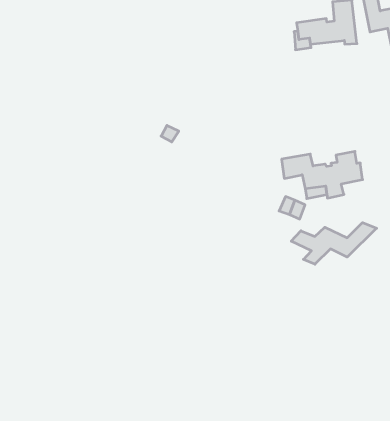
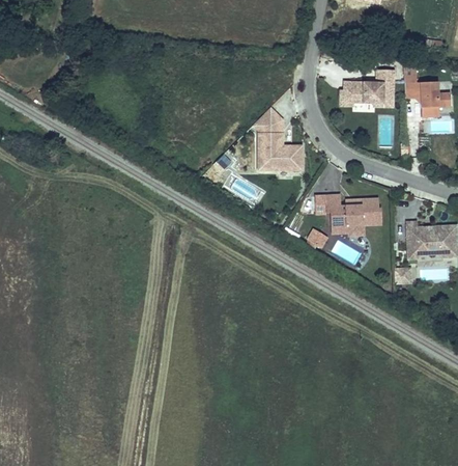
building: none -> [254,108,303,169]
building: [291,223,377,264] -> none

